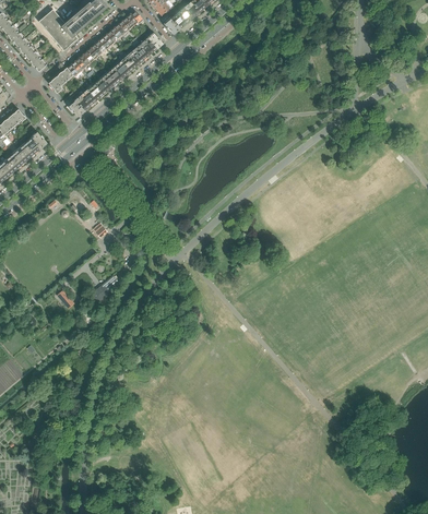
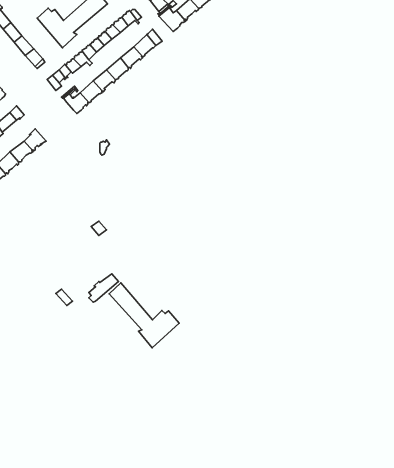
building: none -> [109,283,179,348]

